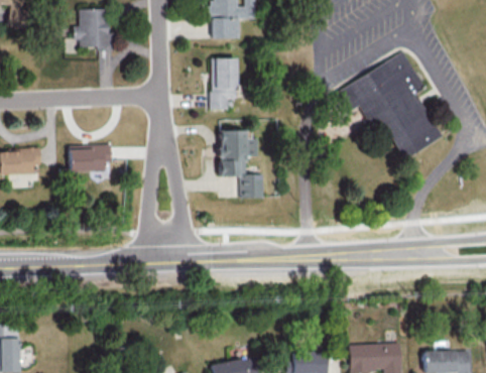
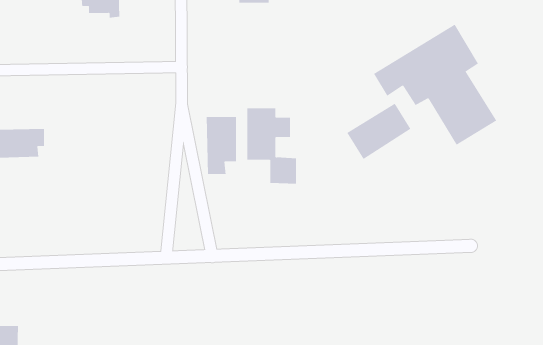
building: [211,57,238,109] -> [206,116,237,174]
building: none -> [347,103,411,160]
building: [70,144,112,171] -> none

